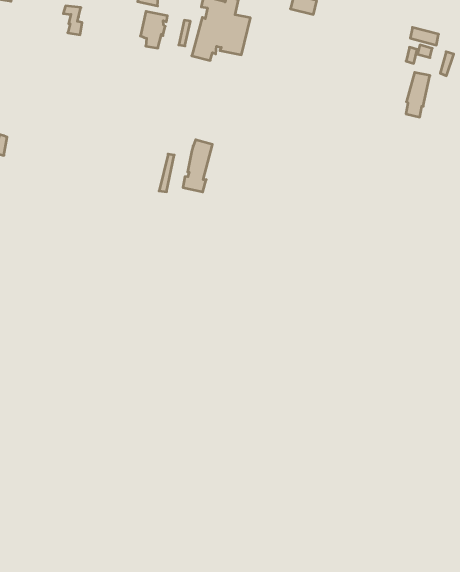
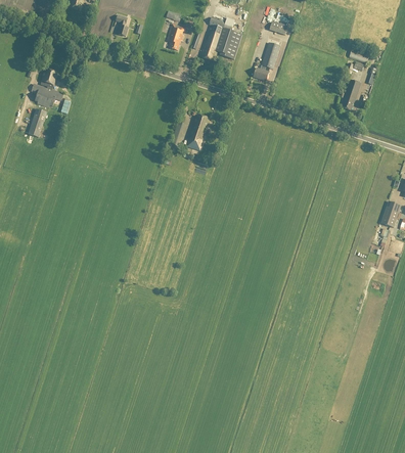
building: none -> [253,42,279,81]

